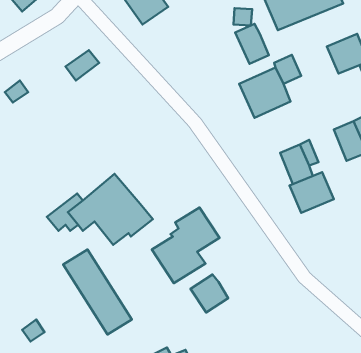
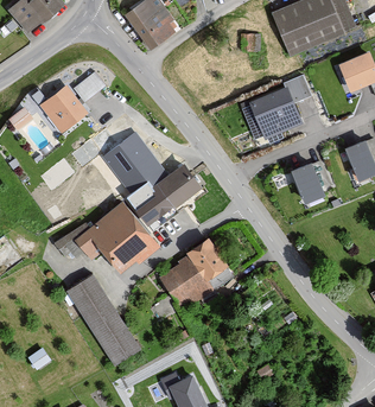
building: [235,24,269,64] -> none
building: none -> [40,84,89,132]
building: none -> [101,131,203,229]
building: [289,172,334,213] -> none
building: [191,275,228,312] -> none

